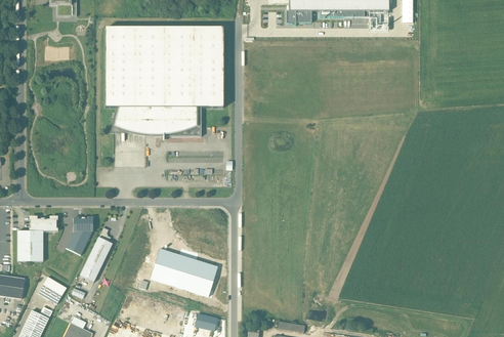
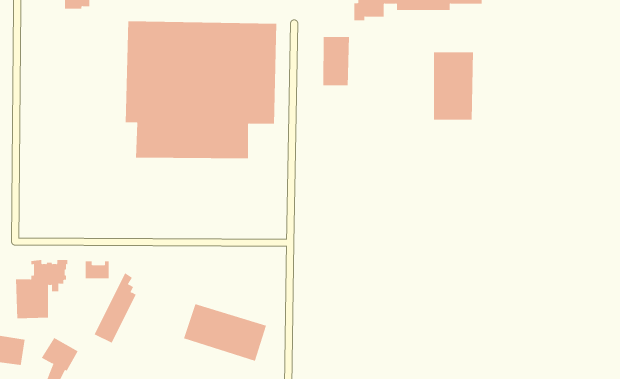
building: none -> [323,36,349,86]
building: none -> [433,52,474,121]
building: [66,228,92,253] -> none

